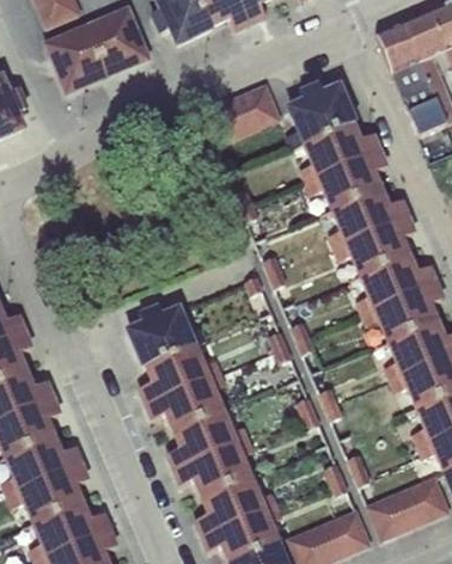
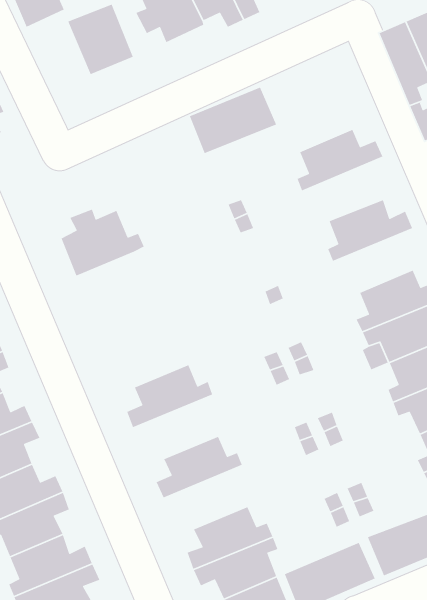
building: [45,22,106,88] -> none
building: [285,81,355,148] -> none
building: [304,148,386,208] -> none
building: [332,215,415,275] -> none
building: [129,301,208,364] -> [60,209,145,276]
building: [146,370,227,430] -> none
building: [175,436,255,496] -> none

